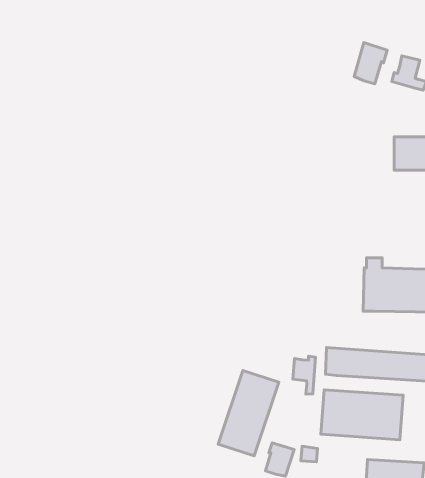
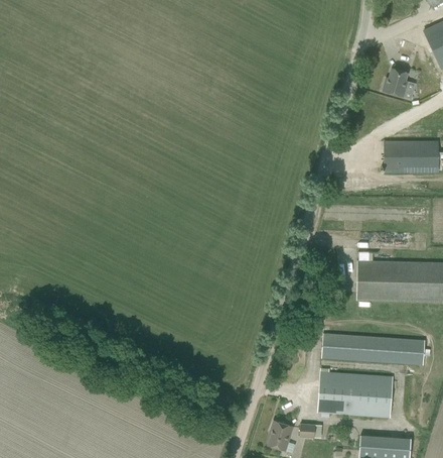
building: [354,43,387,84] -> none
building: [293,356,316,394] -> none
building: [218,370,279,456] -> none

